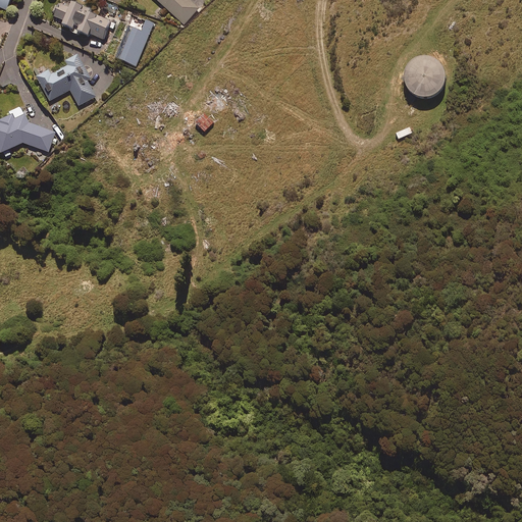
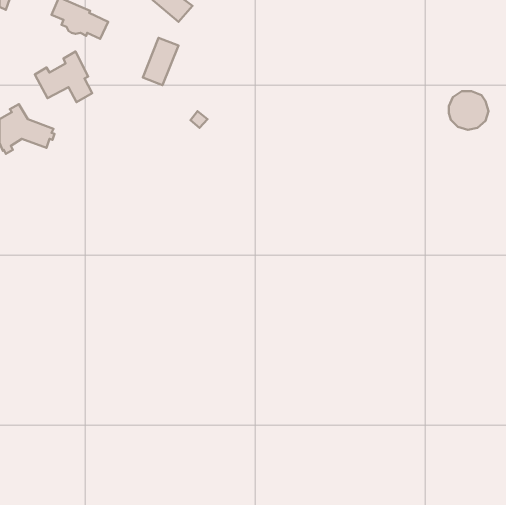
building: [115,16,152,65] -> [143,38,178,85]
building: [404,55,445,95] -> [449,91,489,130]

